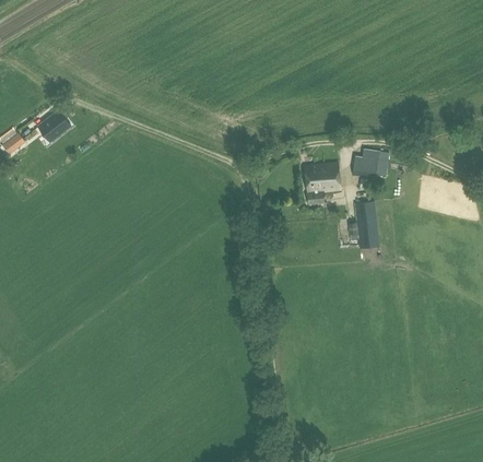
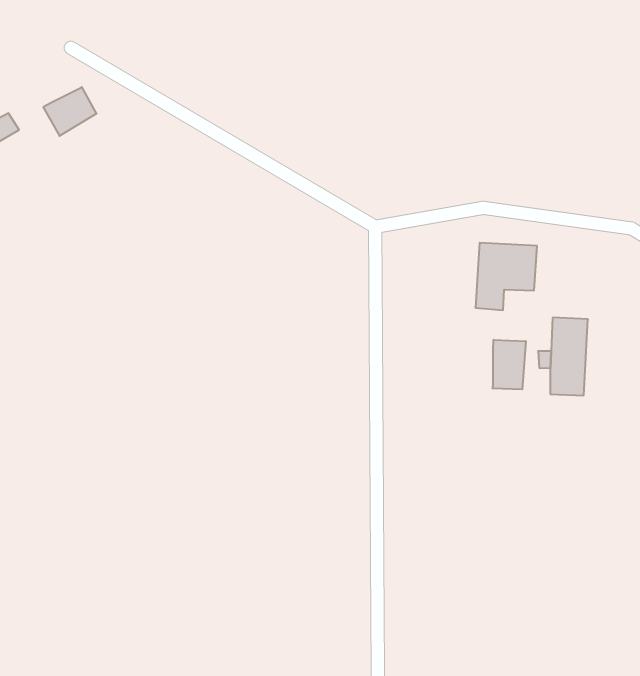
building: [352,147,389,178] -> none
building: none -> [493,340,526,389]

